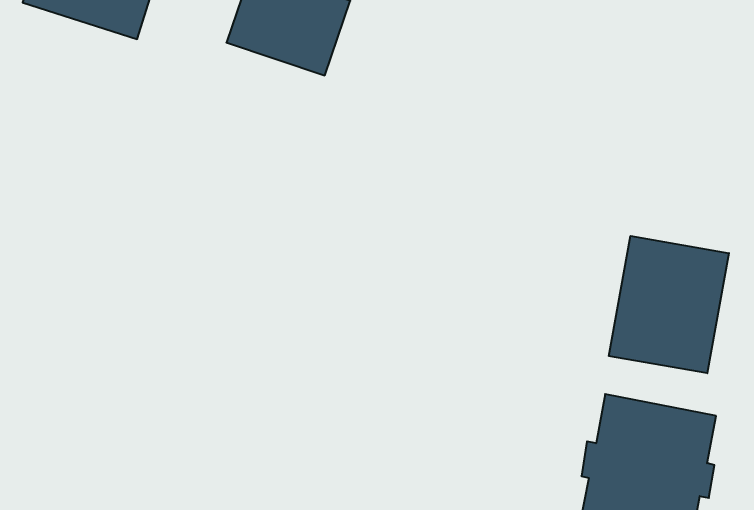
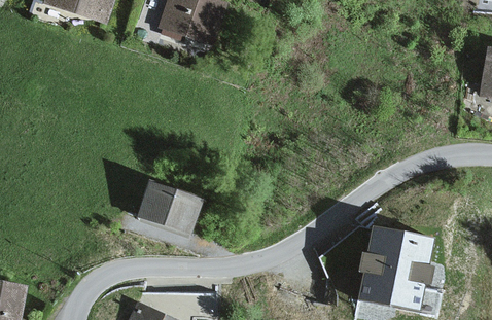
building: [609,236,729,373] -> none
building: none -> [137,181,204,236]

